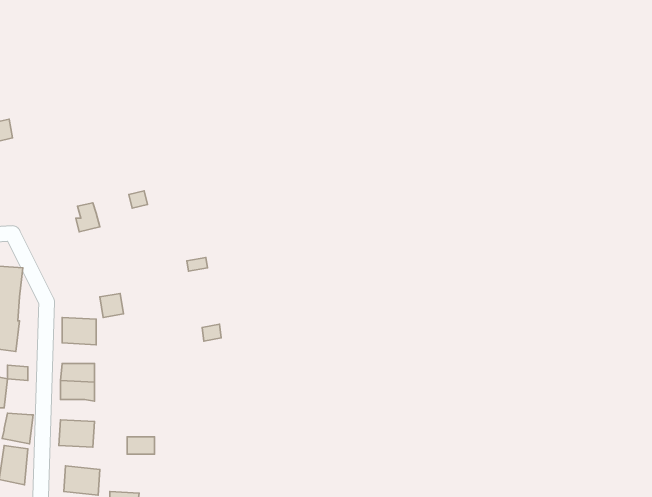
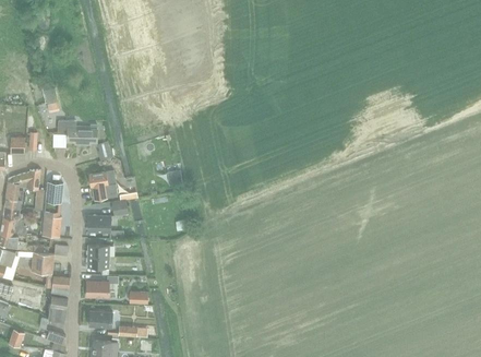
building: none -> [56,120,95,144]
building: none -> [87,169,116,199]

